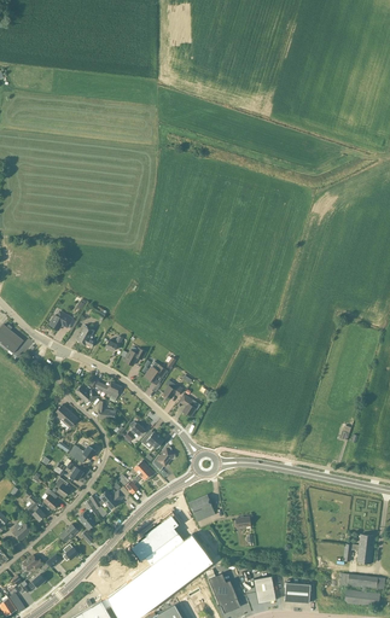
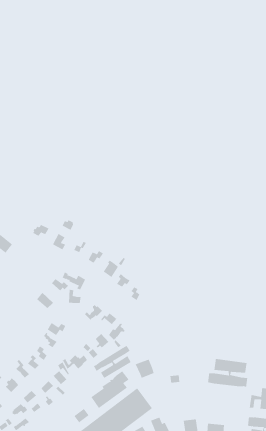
building: none -> [93,345,131,379]
building: none -> [207,358,248,388]

